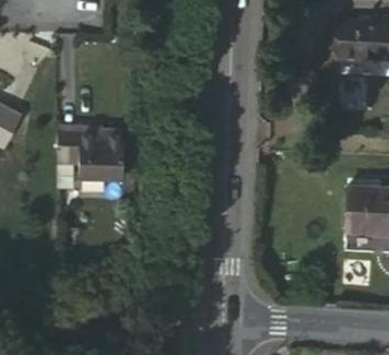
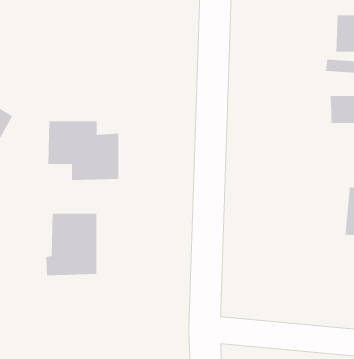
building: none -> [45,213,97,276]

